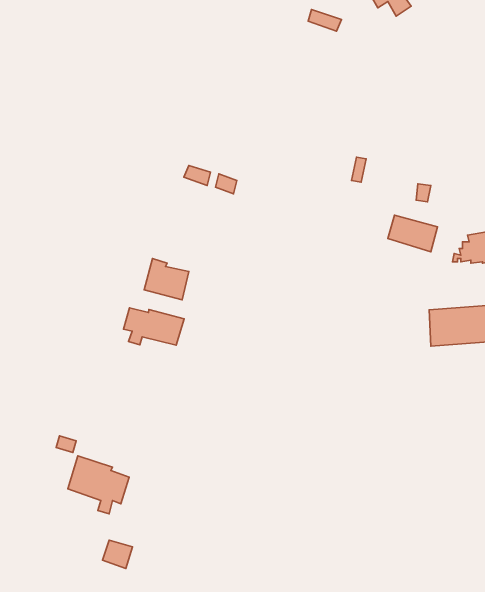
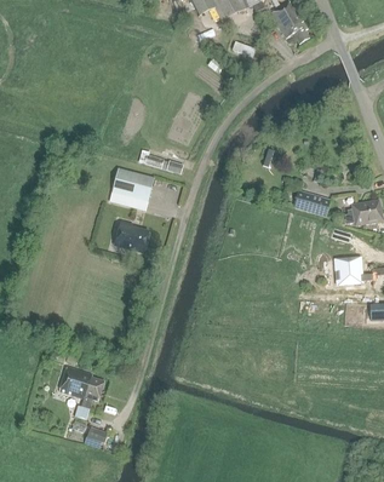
building: none -> [111,167,154,201]
building: [123,308,184,345] -> none

